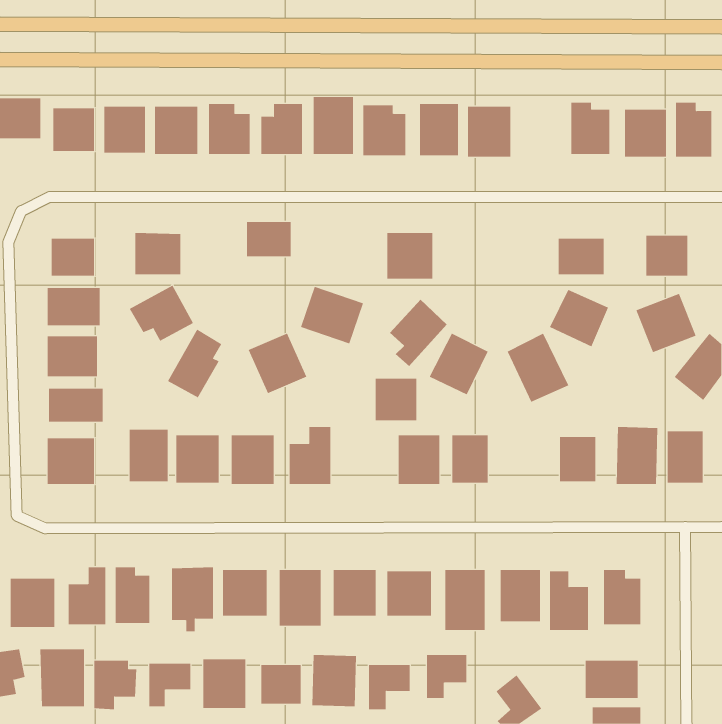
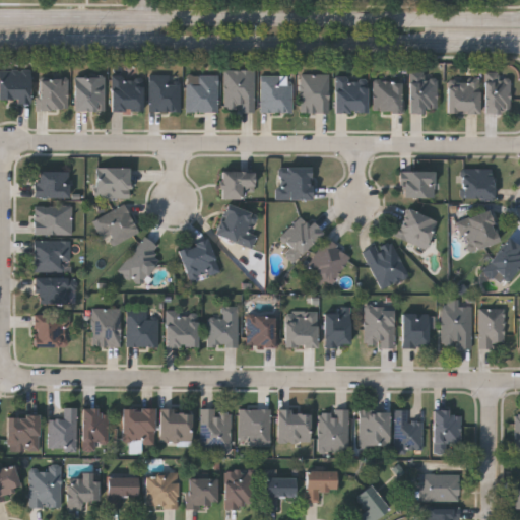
building: none -> [374,80,402,111]
building: [246,222,291,257] -> [221,171,254,196]
building: [375,378,417,421] -> [246,316,276,346]
building: none -> [366,306,394,346]

